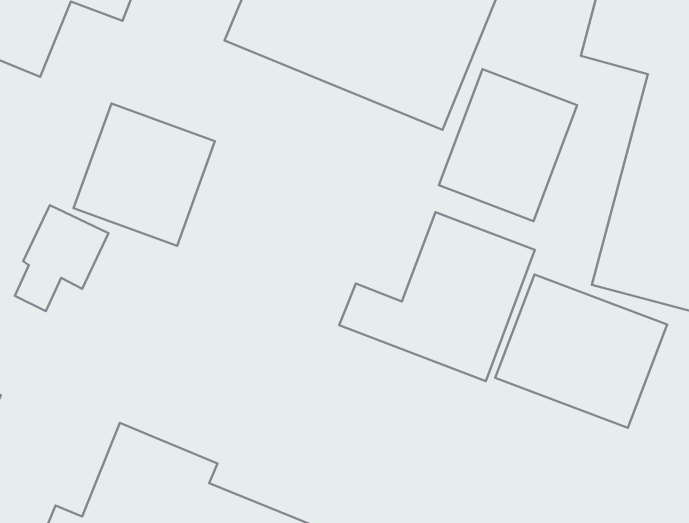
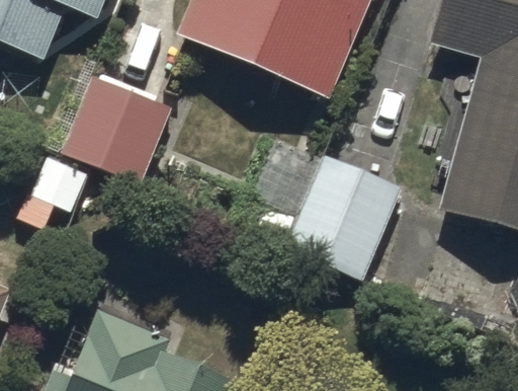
building: [439,69,577,221] -> none
building: [495,275,667,428] -> none

